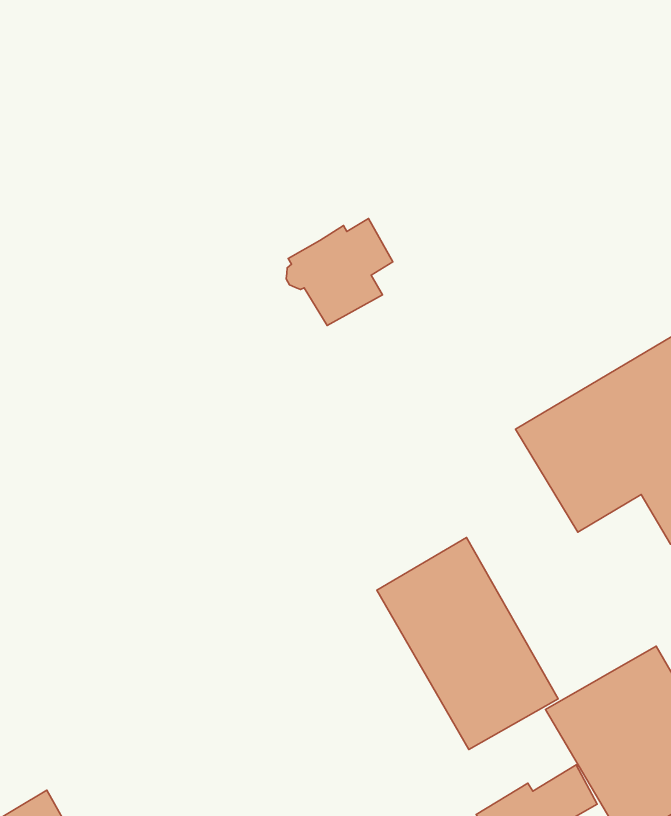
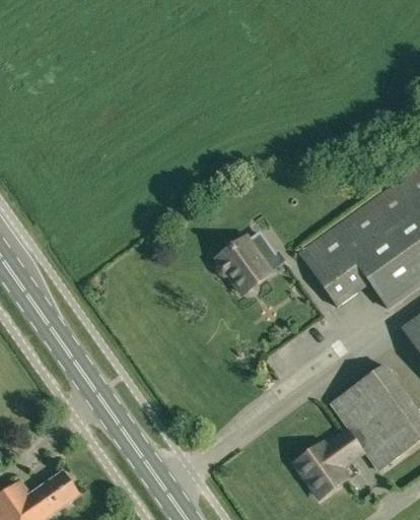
building: [286,218,393,326] -> [218,232,275,291]
building: [377,538,558,750] -> none

